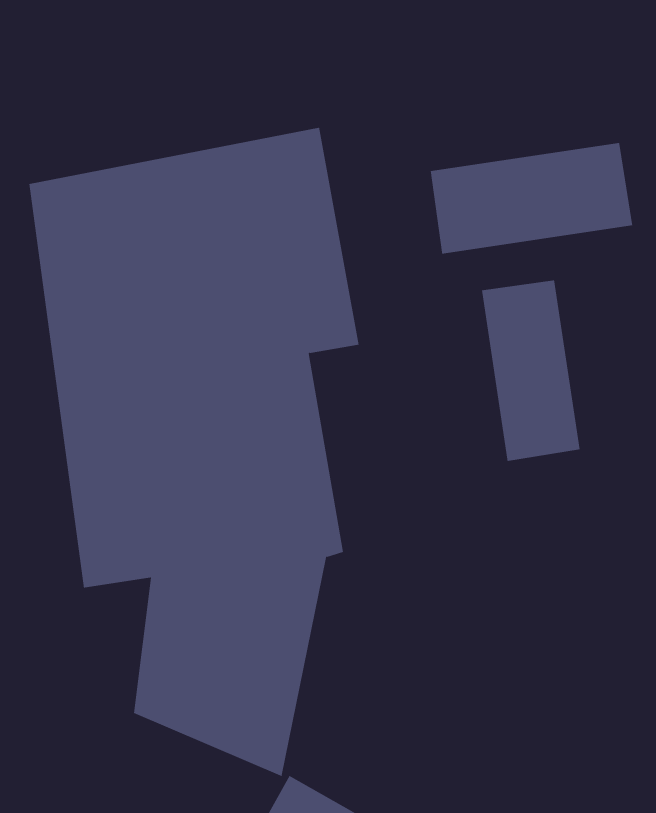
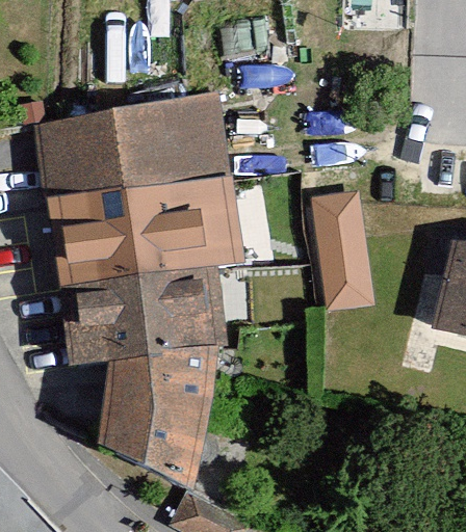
building: [430,142,633,255] -> none

